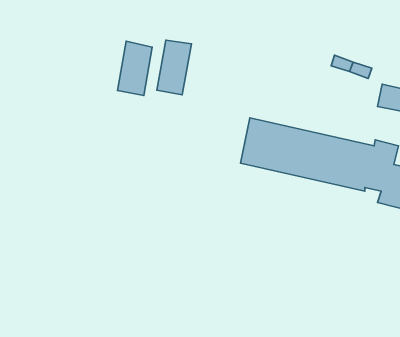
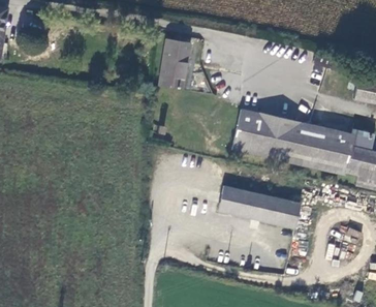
building: [117,41,152,95] -> none
building: none -> [219,185,300,226]

